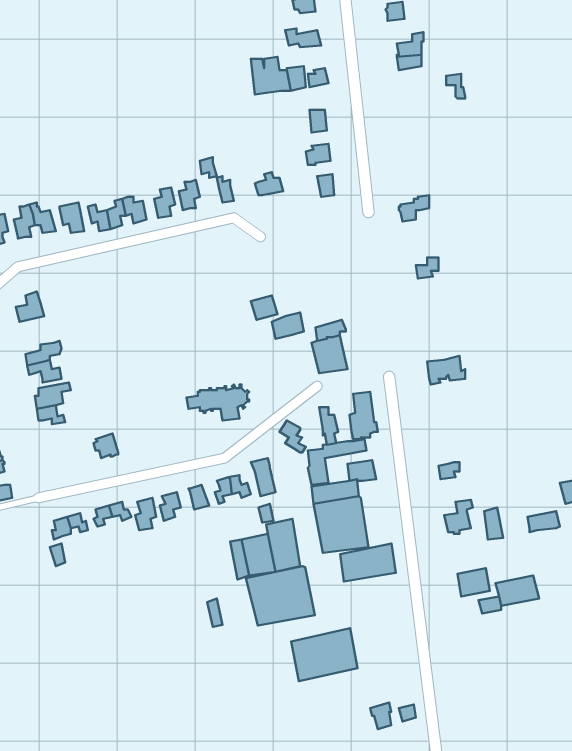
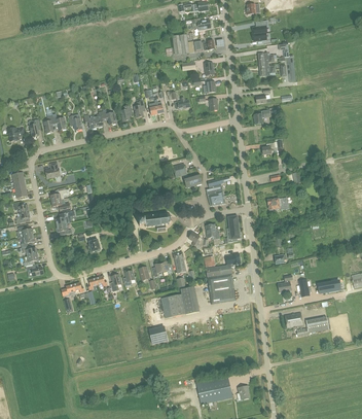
building: [340,544,396,581] -> none
building: [246,566,315,625] -> none
building: [291,628,358,681] -> [195,376,231,405]

